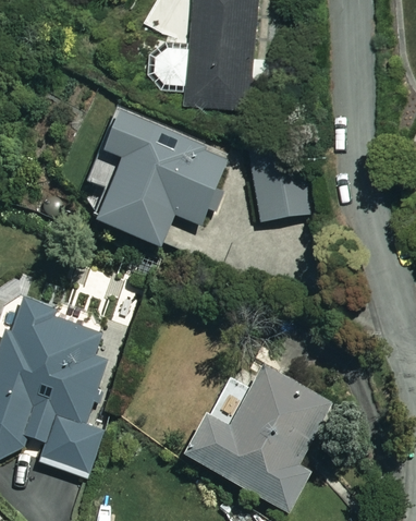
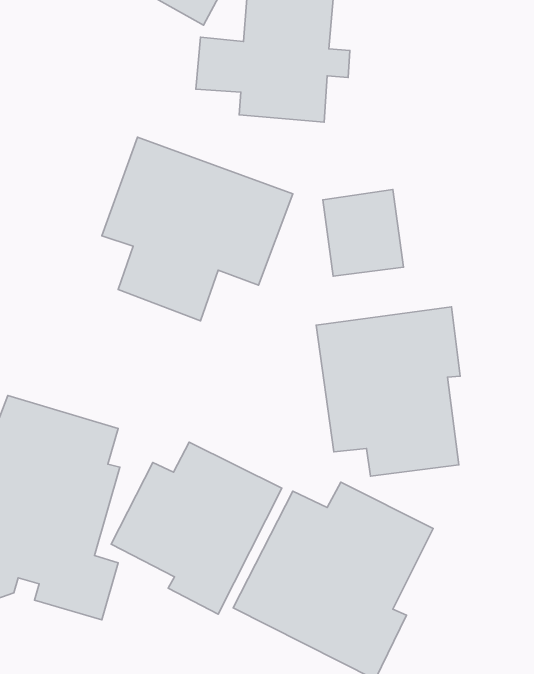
building: none -> [316,307,460,476]
building: none -> [111,442,282,614]

